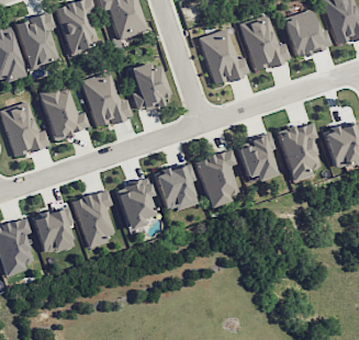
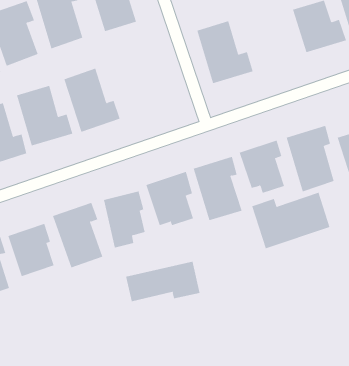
building: [239,16,290,71] -> none
building: [130,63,169,113] -> none
building: none -> [252,192,330,249]
building: none -> [126,261,200,302]

